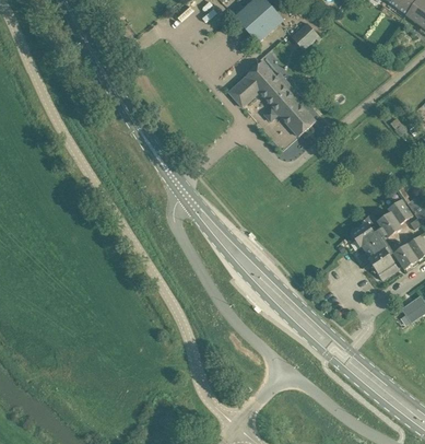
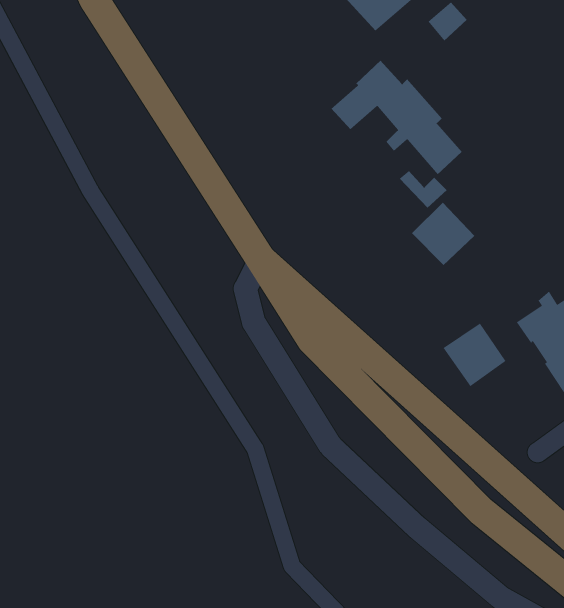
building: none -> [411,202,475,266]
building: none -> [442,322,506,387]

